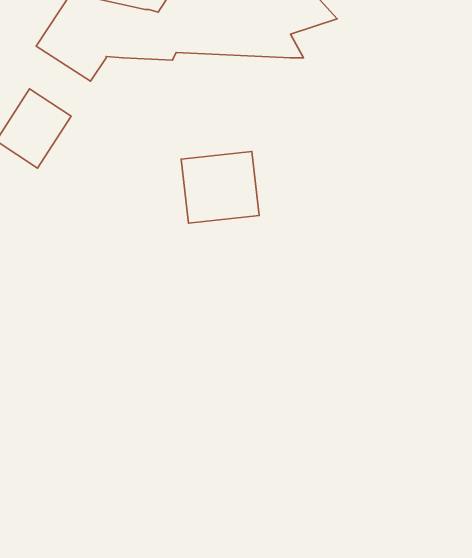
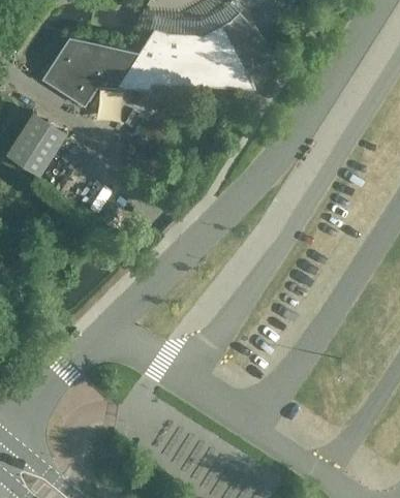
building: [181,151,259,223] -> none

